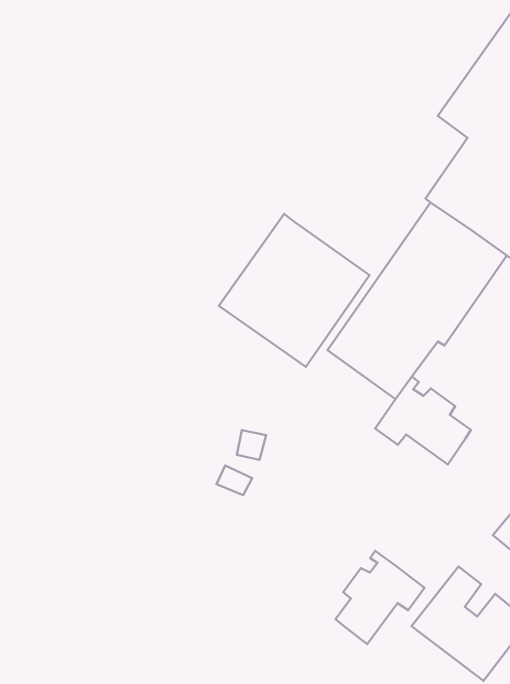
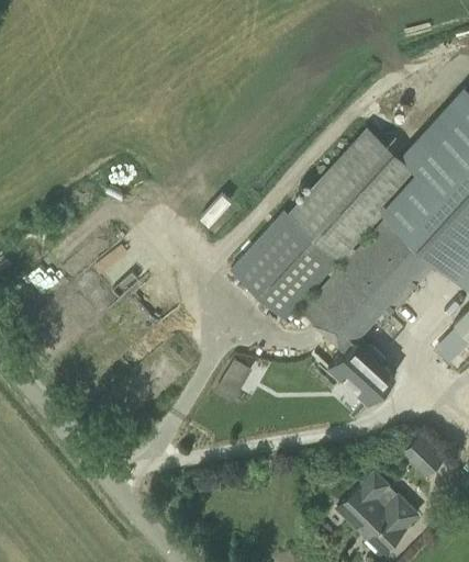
building: none -> [288,132,416,263]
building: [336,551,425,644] -> none

